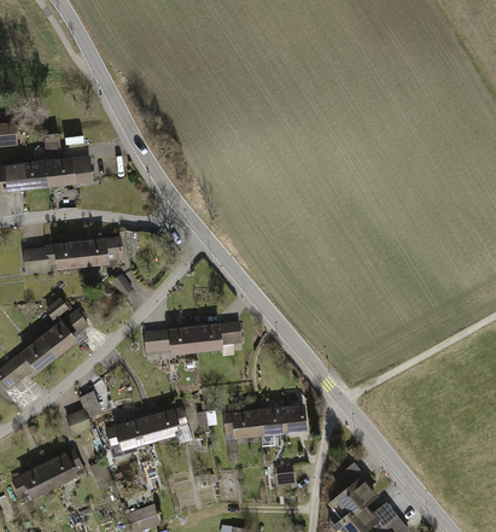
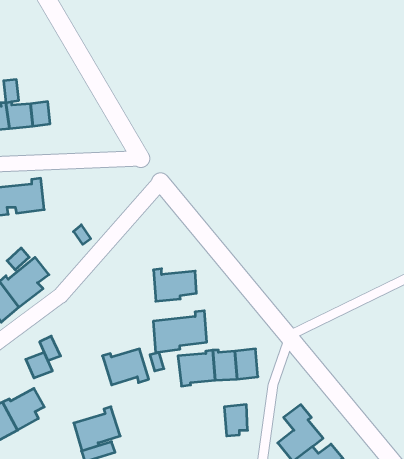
building: [81,227,122,261] -> none
building: [145,323,200,367] -> [153,311,207,353]
building: [106,413,154,458] -> [74,407,120,451]

